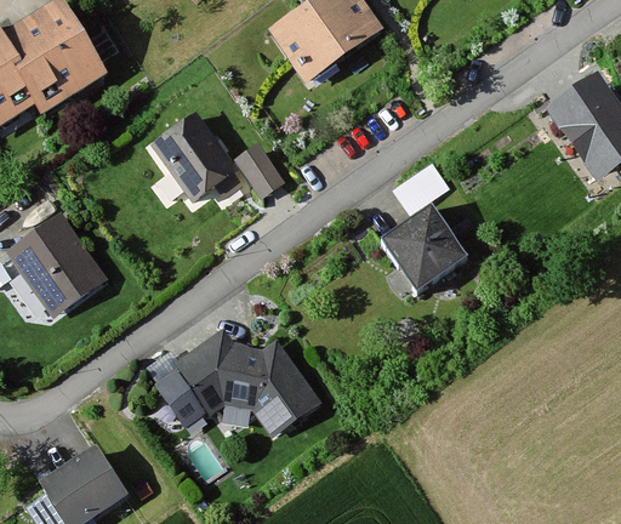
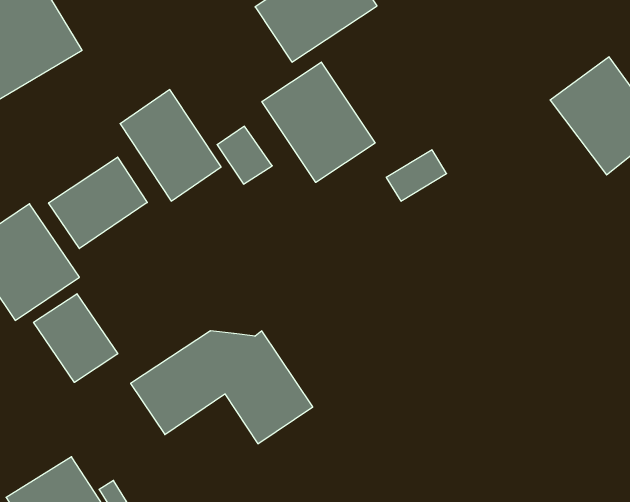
building: none -> [262,62,375,182]
building: none -> [49,157,147,249]
building: [387,211,465,291] -> none
building: none -> [34,294,118,382]

